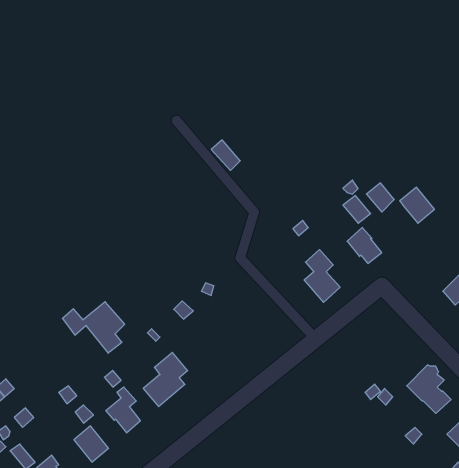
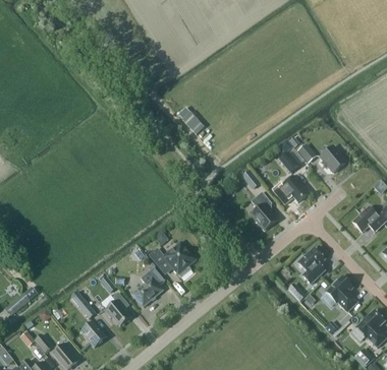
building: [62,302,125,353] -> [149,243,195,281]
building: none -> [296,247,324,285]

